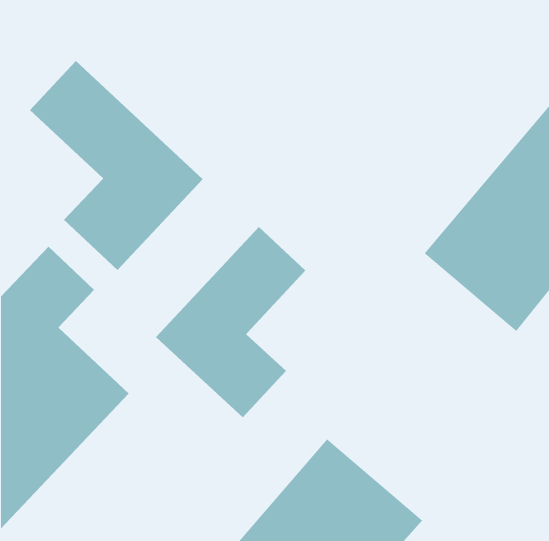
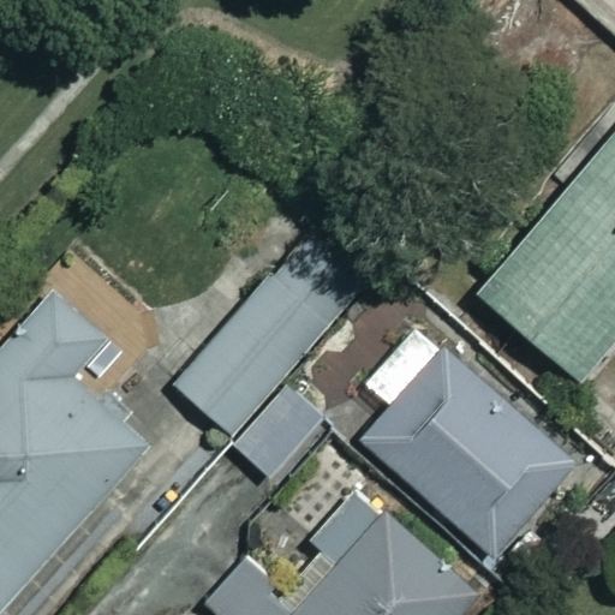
building: [29,60,204,271] -> none
building: none -> [359,348,572,555]

